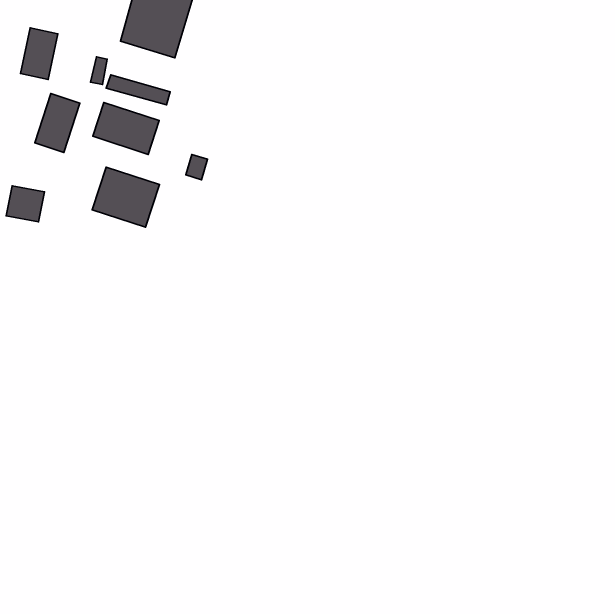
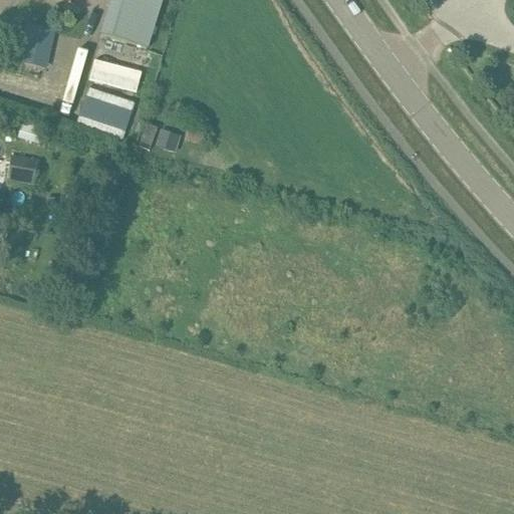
building: [35,94,80,152] -> none
building: [92,167,160,227] -> none

